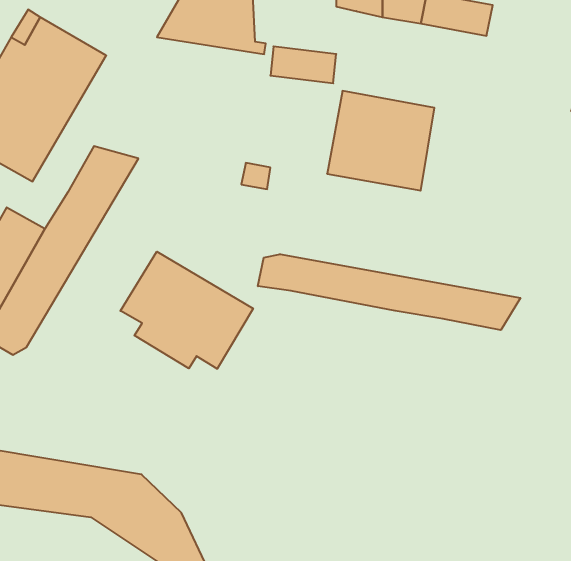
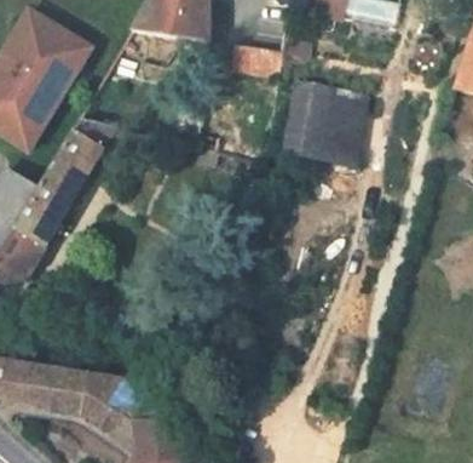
building: [120,252,253,369] -> none
building: [258,254,520,330] -> none

